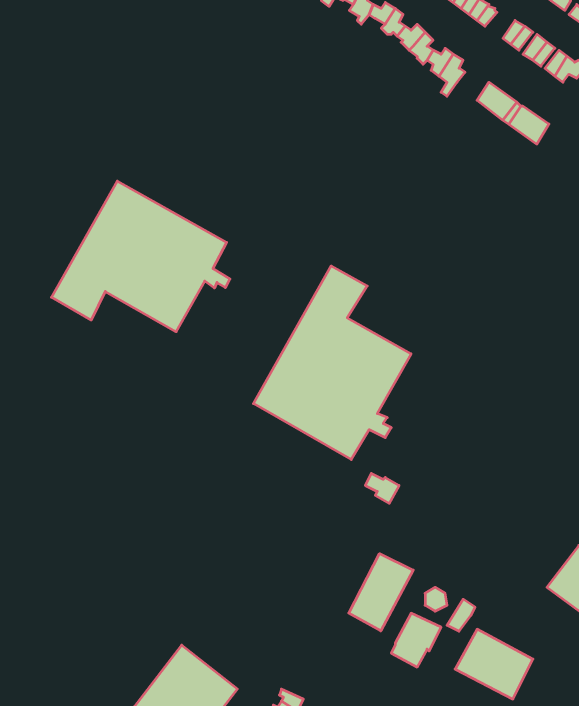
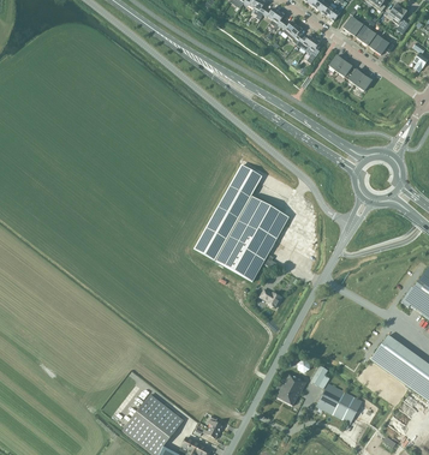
building: [51,181,230,332] -> none
building: [349,554,413,631] -> none

